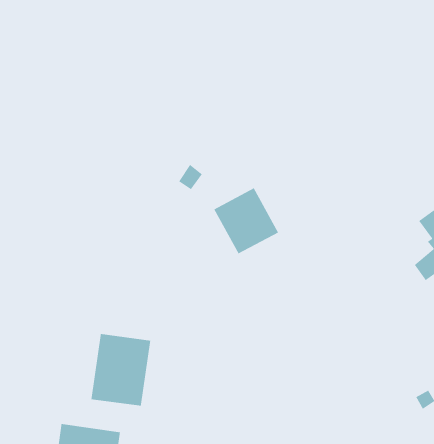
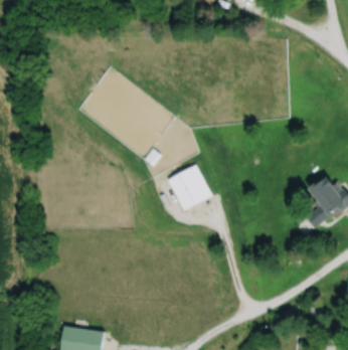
building: [90,333,151,407] -> none

